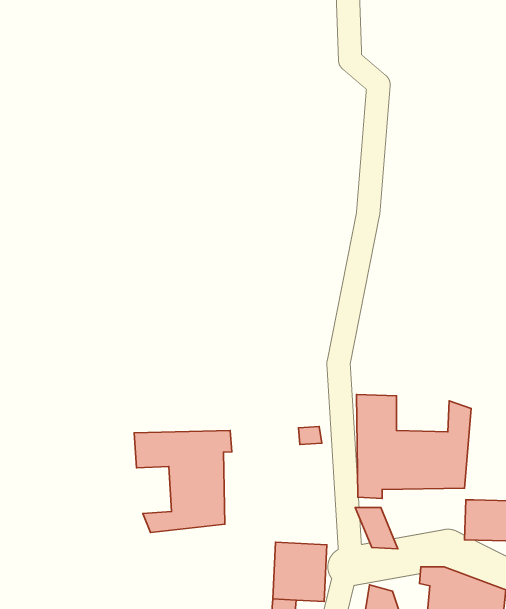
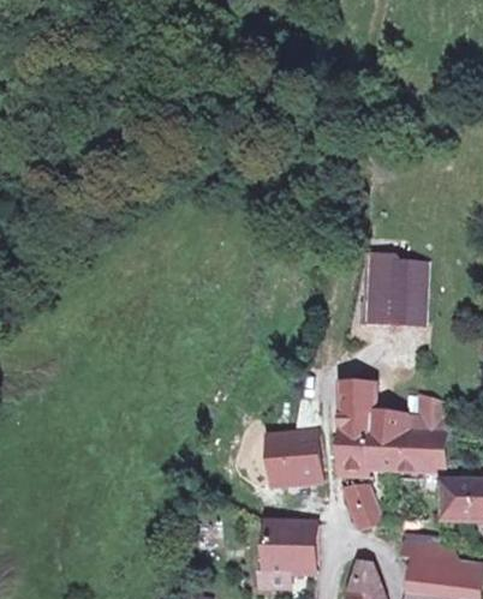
building: none -> [363,259,422,323]
building: [134,430,232,533] -> none
building: none -> [266,431,323,484]

